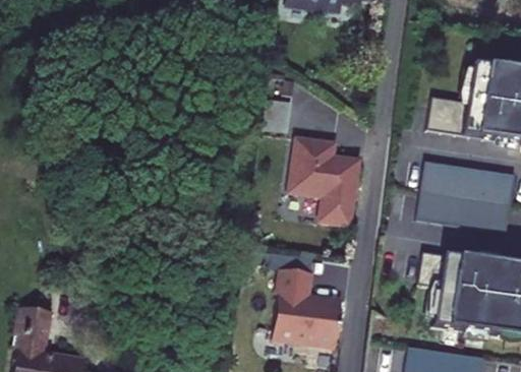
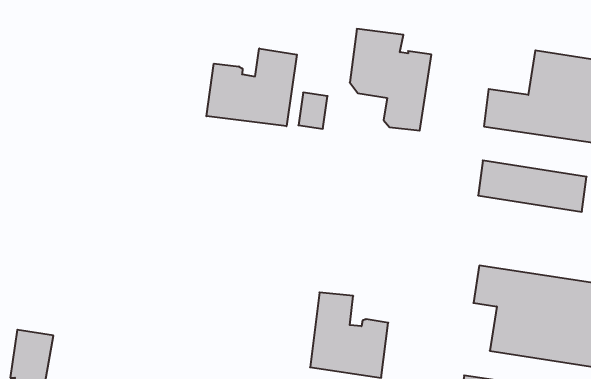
building: none -> [206,48,297,126]
building: [290,137,361,226] -> [350,29,431,131]
building: [417,189,512,231] -> none

